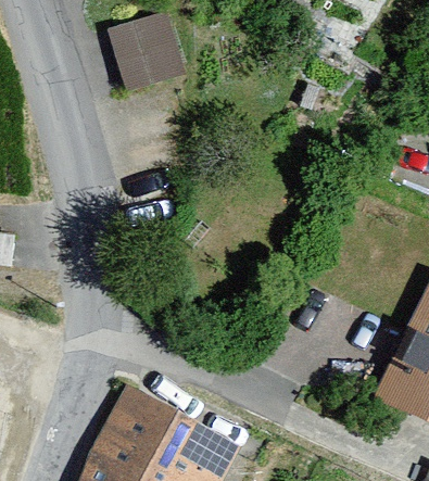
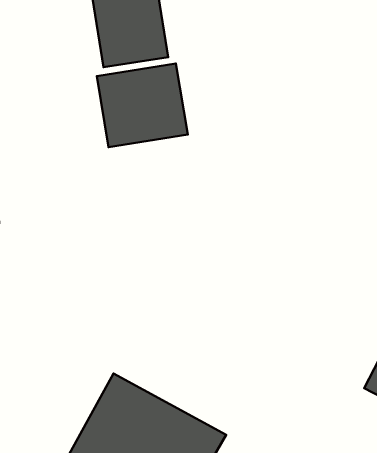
building: none -> [97,63,188,147]

